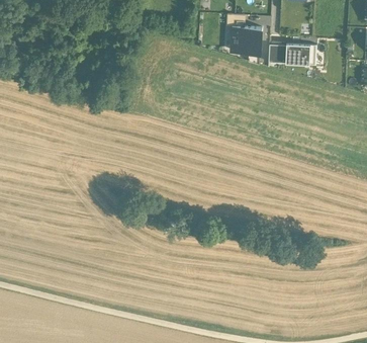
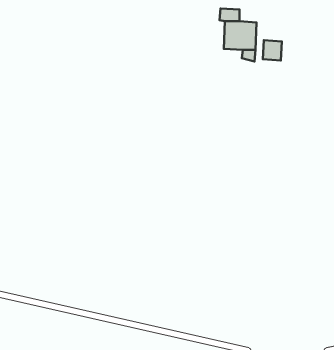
building: [284,44,315,65] -> none

